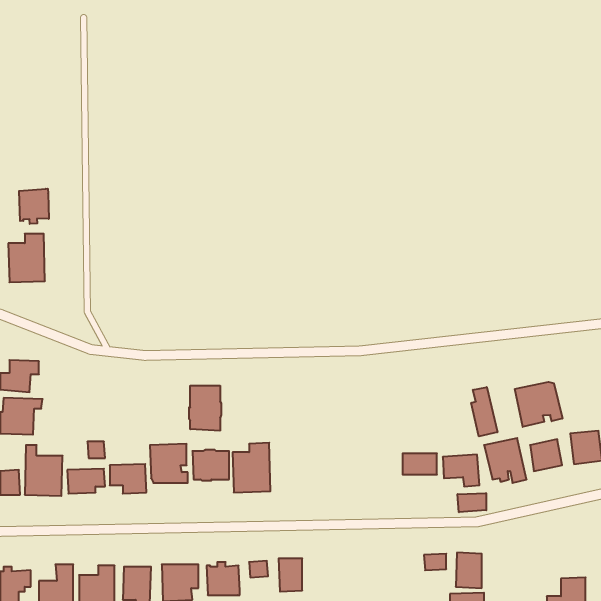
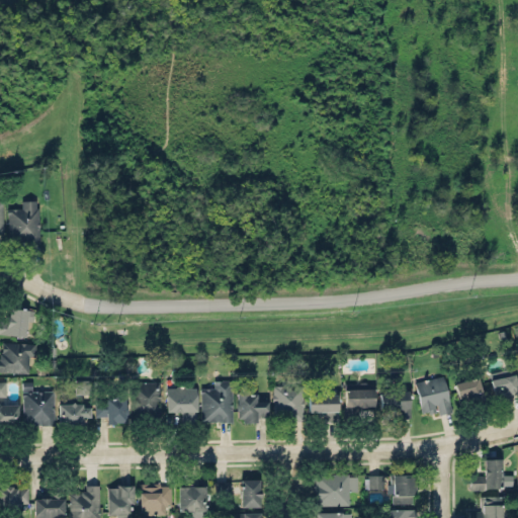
building: [19,189,49,224] -> none
building: [515,382,562,427] -> none
building: [189,386,221,431] -> none
building: [471,387,497,436] -> none
building: none -> [274,387,305,423]
building: none -> [238,391,269,423]
building: none -> [309,396,338,414]
building: [458,493,486,512] -> none
building: none -> [471,459,503,491]
building: none -> [317,476,358,508]

